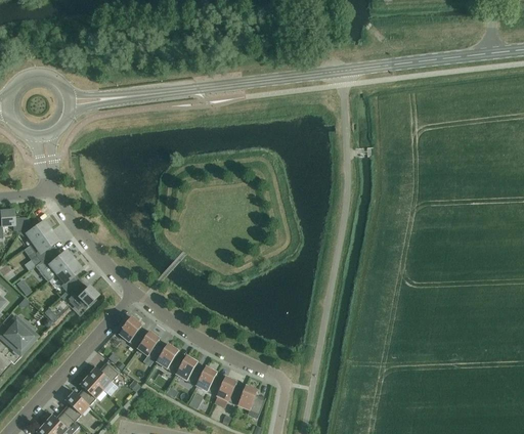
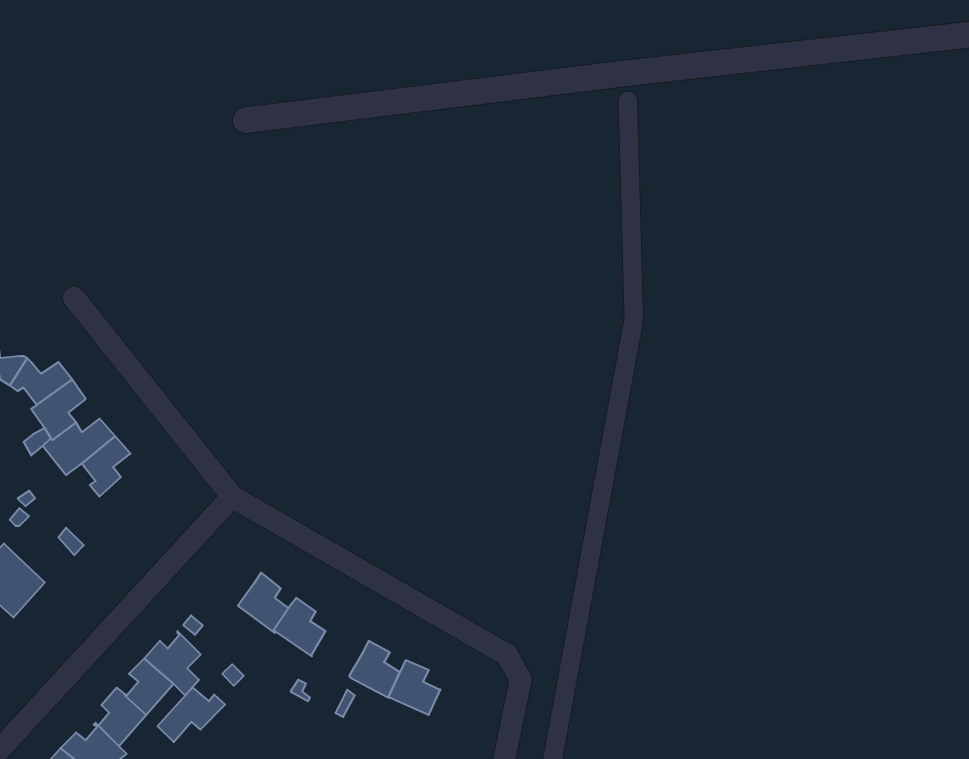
building: [66,279,97,307] -> none
building: [120,315,146,348] -> none
building: [177,354,204,385] -> none
building: [238,384,266,418] -> none
building: none -> [158,687,225,742]

